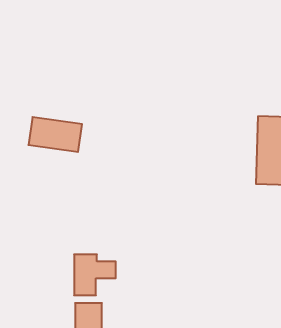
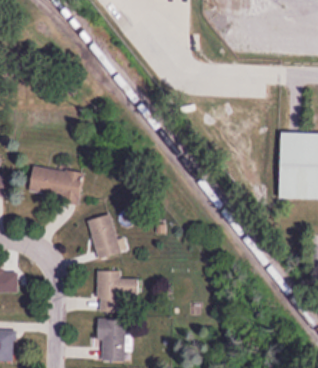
building: [28,117,82,152] -> [30,165,84,200]
building: none -> [87,214,121,259]

